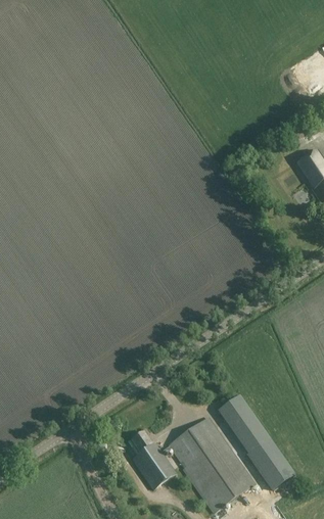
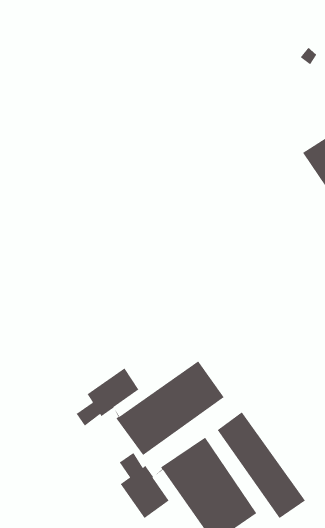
building: none -> [76,361,225,456]

